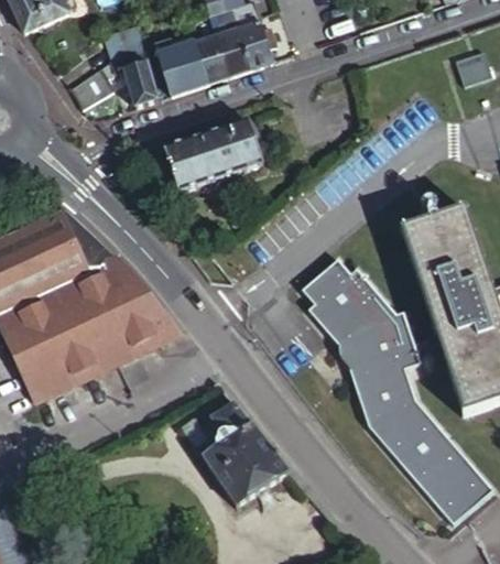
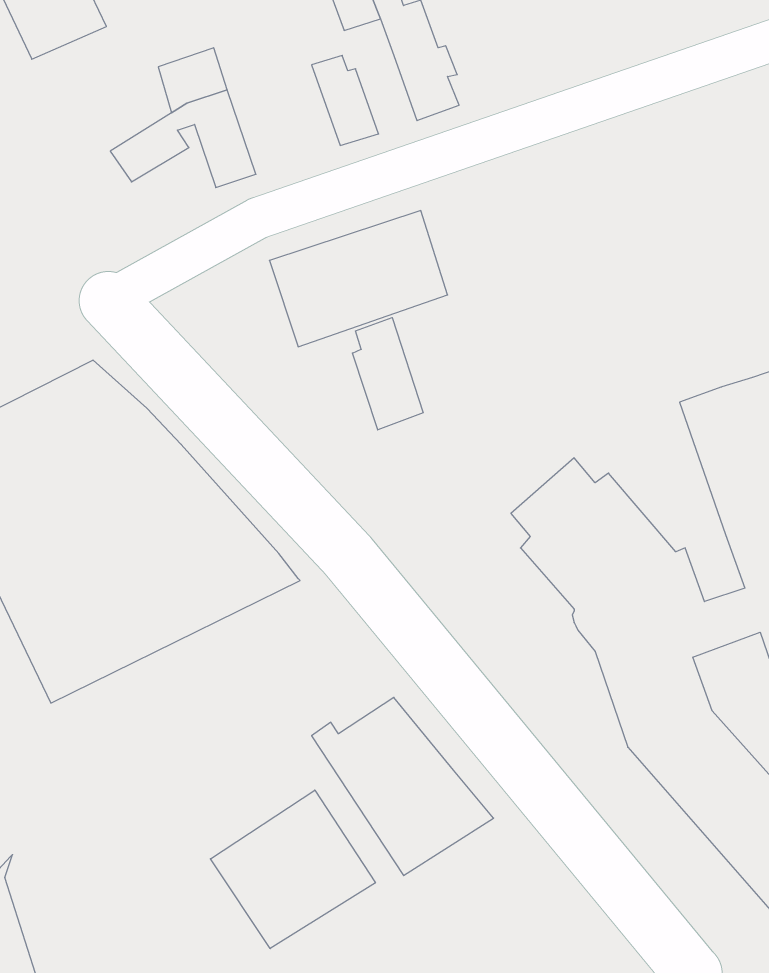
building: [214,32,249,77] -> none
building: [153,37,205,97] -> none
building: none -> [352,318,423,430]
building: none -> [210,790,375,949]

